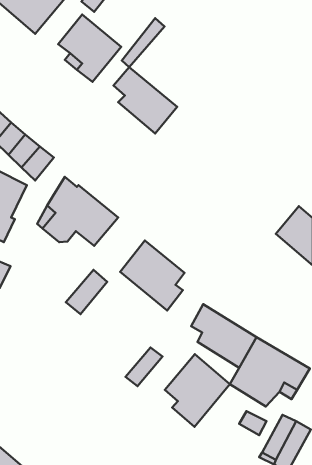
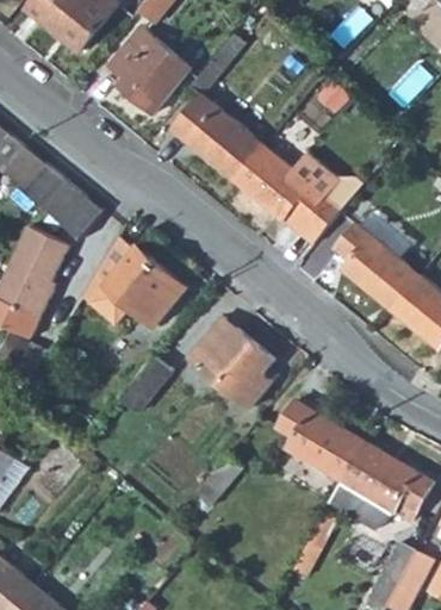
building: none -> [232,145,359,244]
building: none -> [335,223,418,310]
building: [165,354,230,427] -> none

